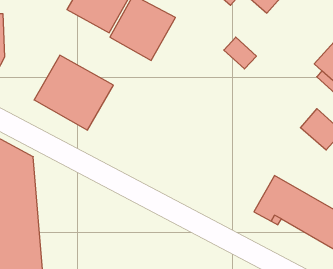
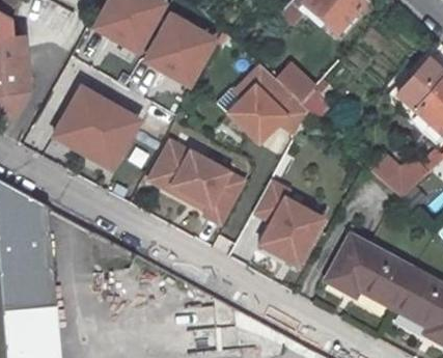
building: none -> [231,62,314,147]
building: none -> [155,140,253,228]
building: none -> [258,180,332,271]

